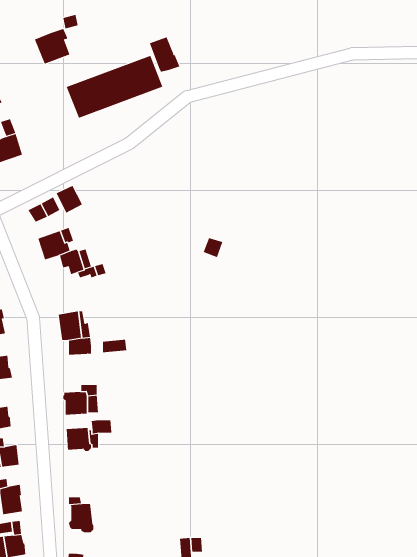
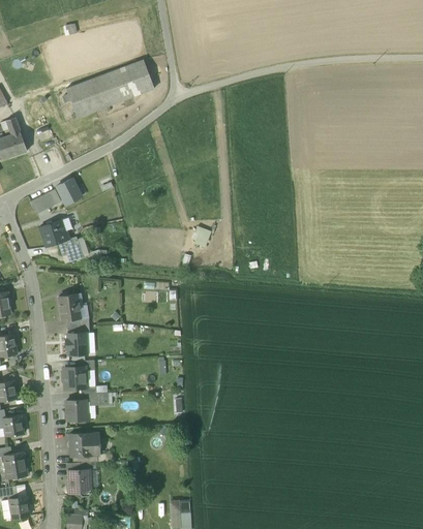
building: [34,28,70,64] -> none
building: [149,36,180,73] -> none
building: none -> [65,333,87,354]
building: none -> [69,433,97,456]

